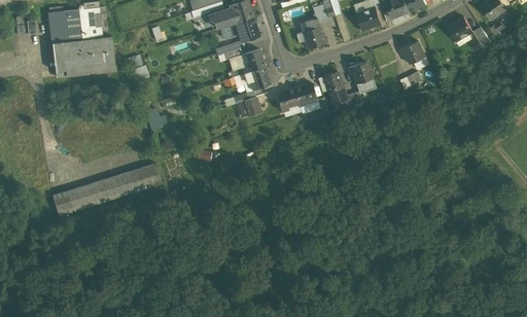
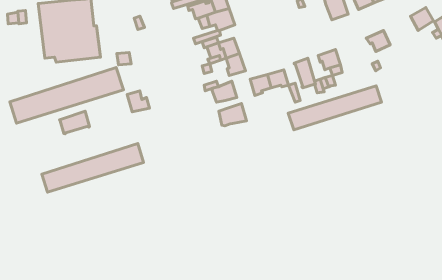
building: [296,17,326,47] -> none
building: none -> [10,68,124,123]
building: none -> [288,86,381,130]
building: none -> [219,104,247,126]
building: none -> [59,111,90,134]

